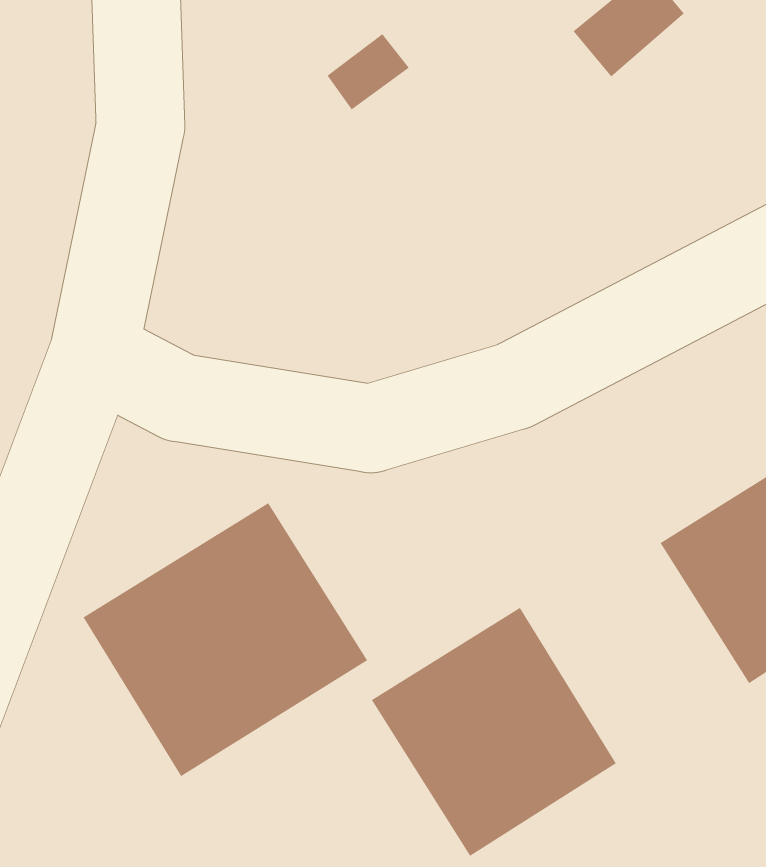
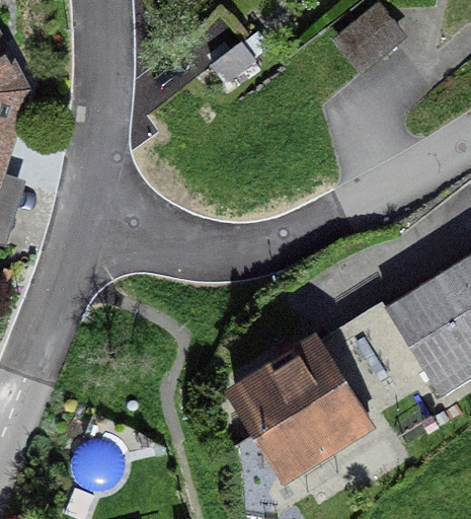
building: [82,502,368,777] -> none

